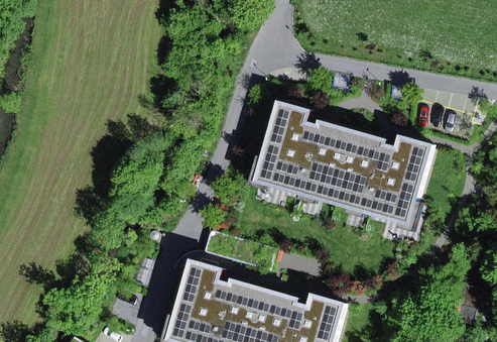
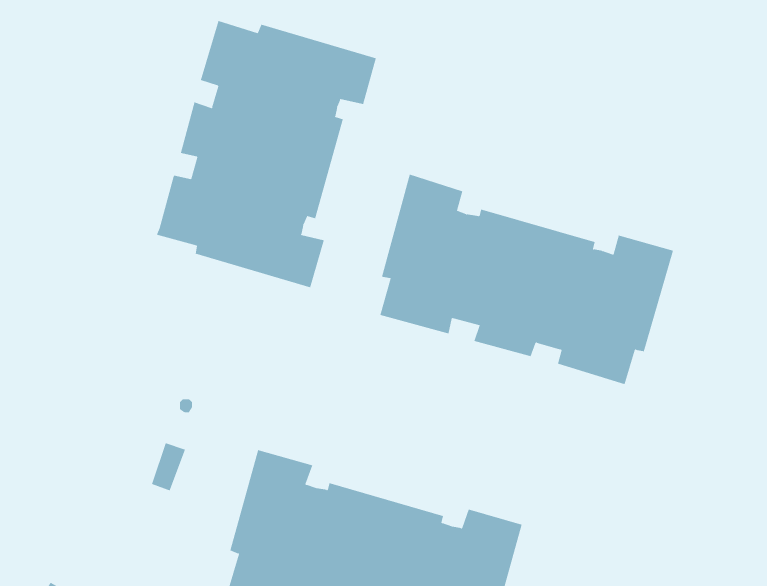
building: none -> [156,20,377,288]

